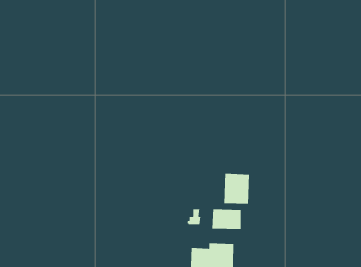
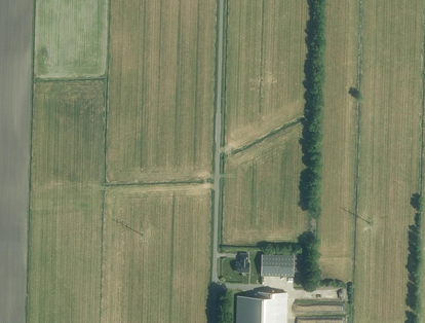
building: [224,173,250,204] -> none

